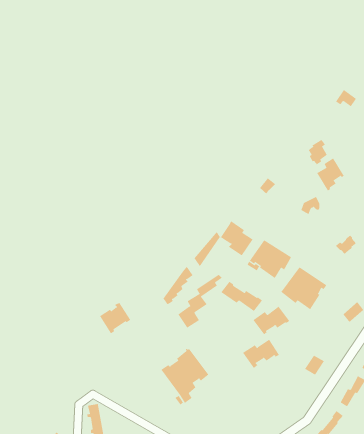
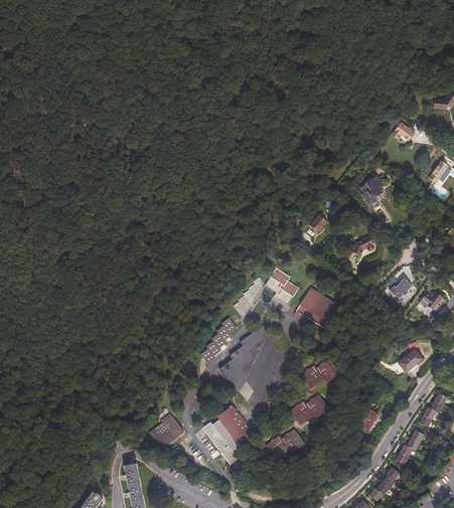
building: [317,157,345,191] -> none
building: [280,266,327,310] -> none
building: [220,281,263,312] -> none
building: [99,302,131,334] -> [150,411,184,446]
building: none -> [266,427,305,459]

